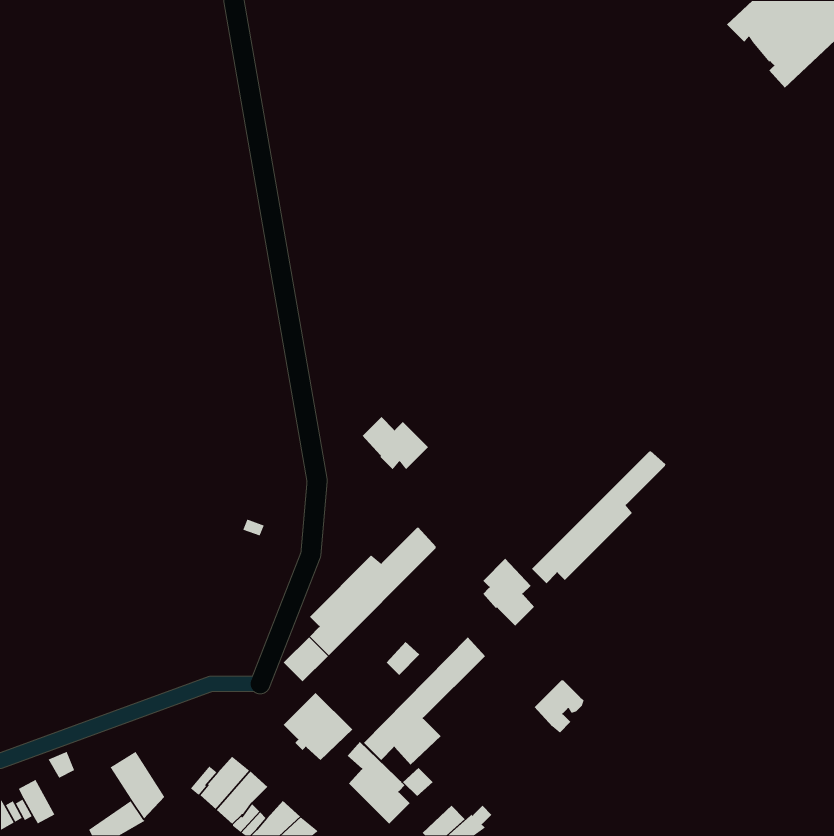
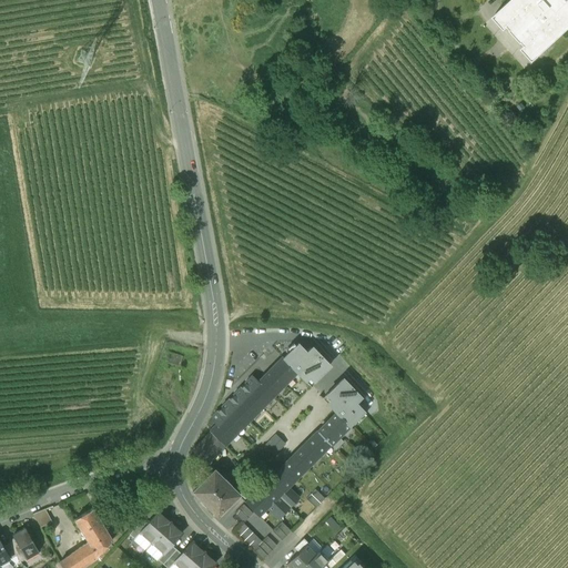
building: [362,416,429,470] -> [285,344,331,381]
building: [531,450,666,584] -> none
building: [534,679,584,733] -> [318,413,353,449]

